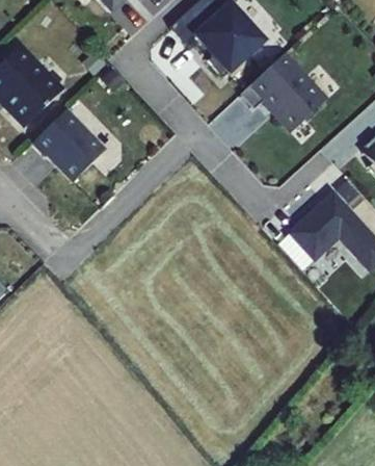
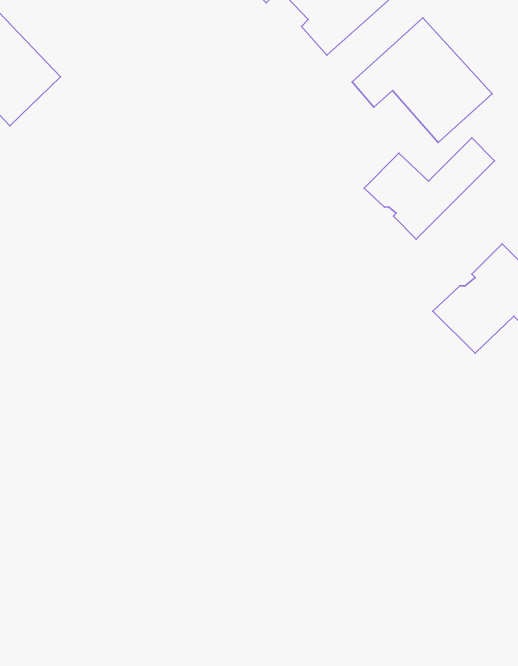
building: [30,107,104,179] -> none
building: none -> [364,138,495,239]

